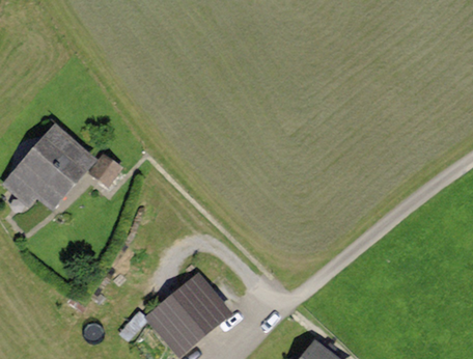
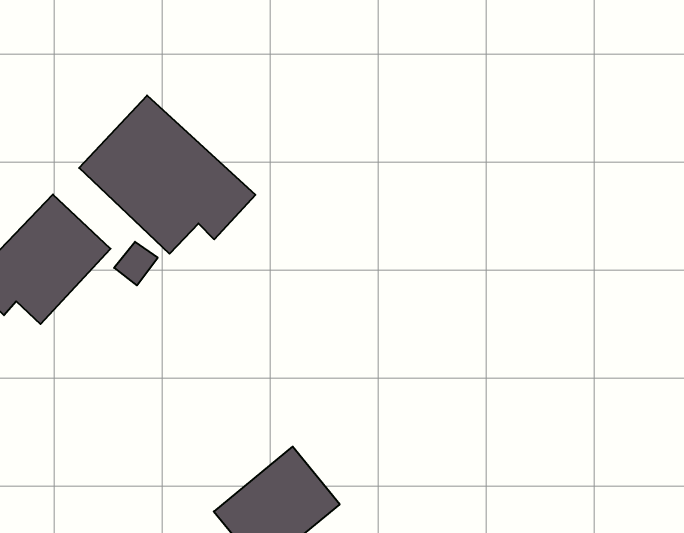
building: none -> [79,95,255,254]

